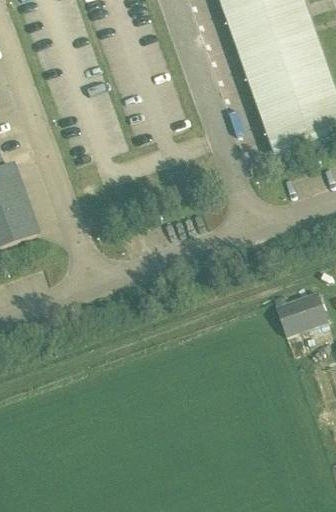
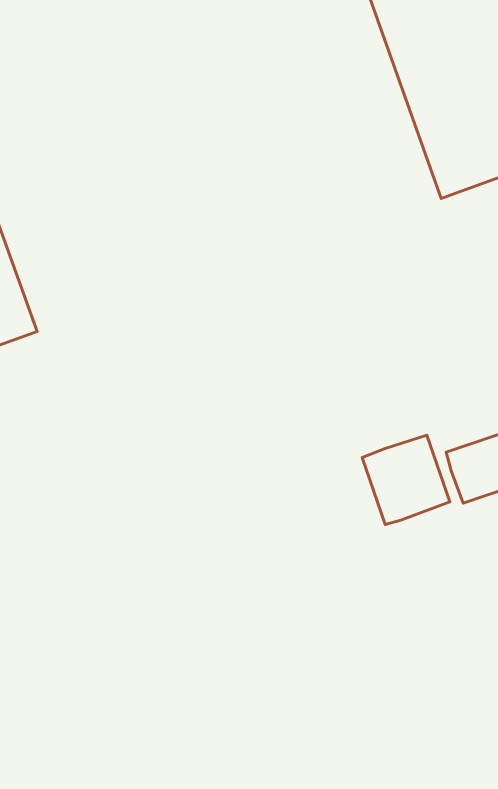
building: none -> [362,435,450,524]

